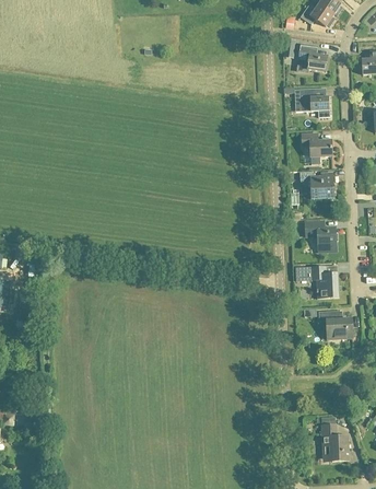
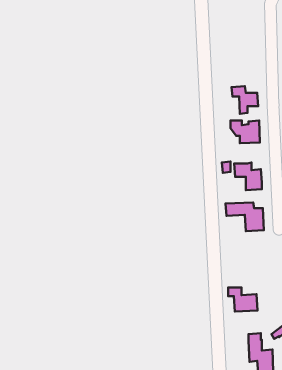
building: [296,44,327,71] -> none
building: [294,88,329,117] -> none
building: [318,311,352,338] -> [228,288,258,311]

